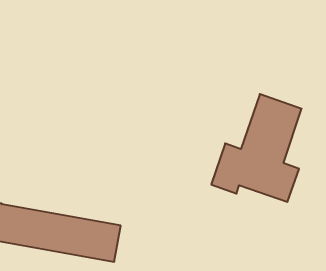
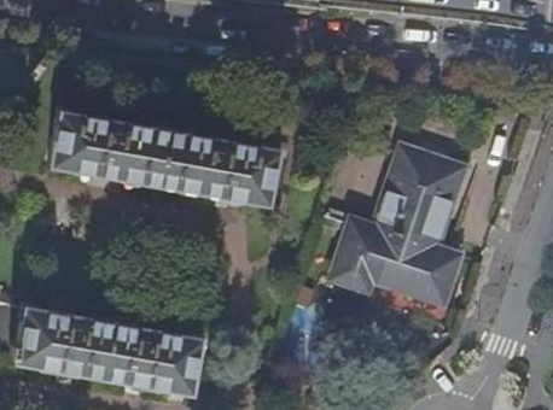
building: none -> [50,113,276,206]

